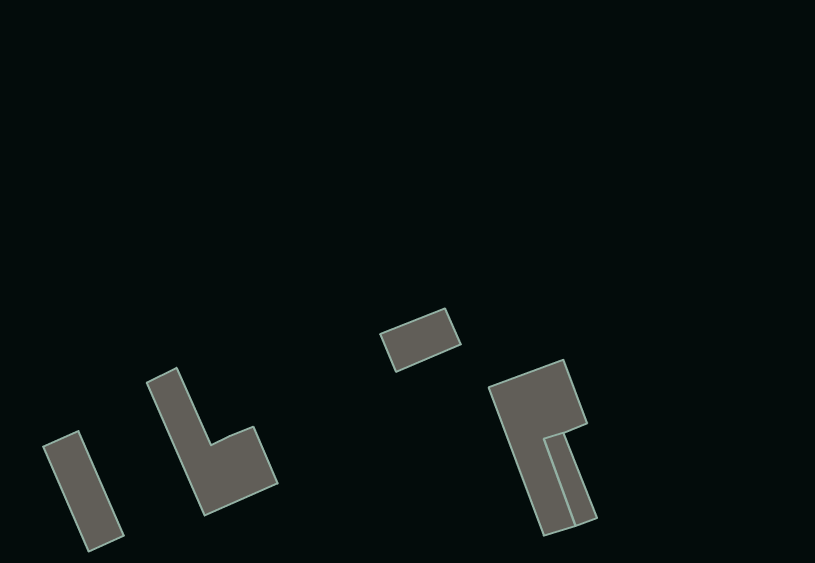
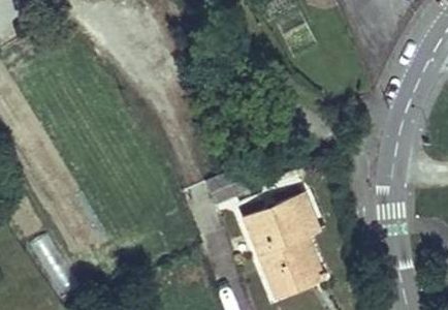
building: [147,368,278,516] -> none
building: none -> [246,210,295,293]

